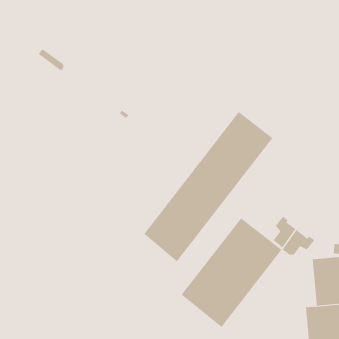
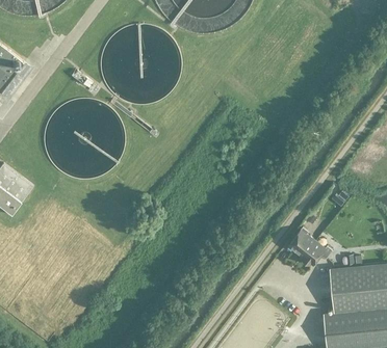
building: [143,111,273,262] -> none
building: [181,217,282,328] -> none

